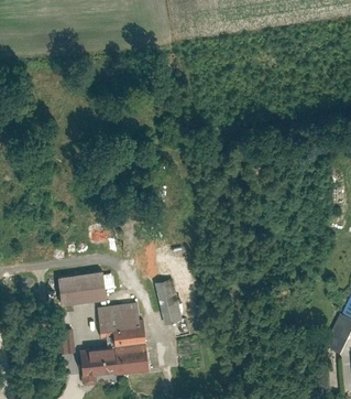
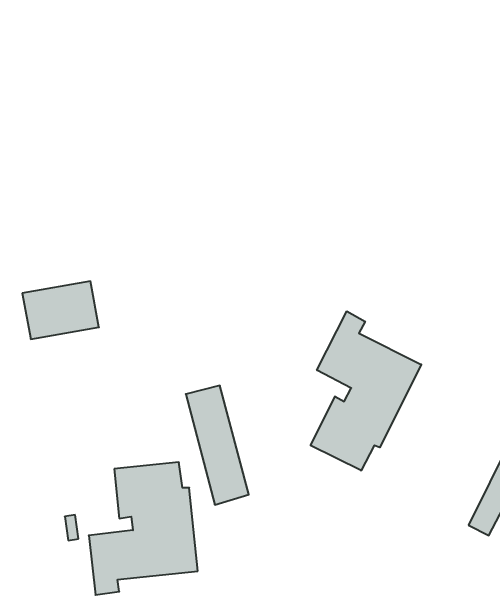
building: none -> [311,311,421,471]
building: [59,268,109,305] -> [22,281,99,339]

